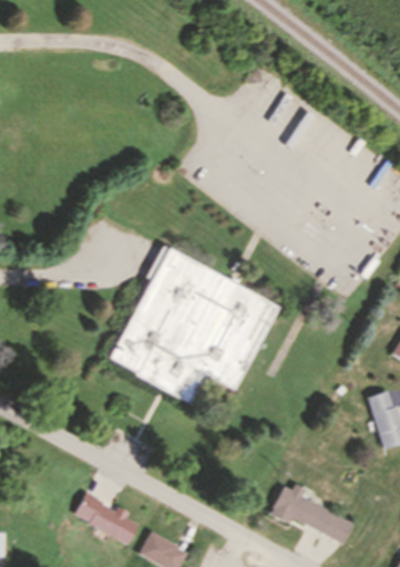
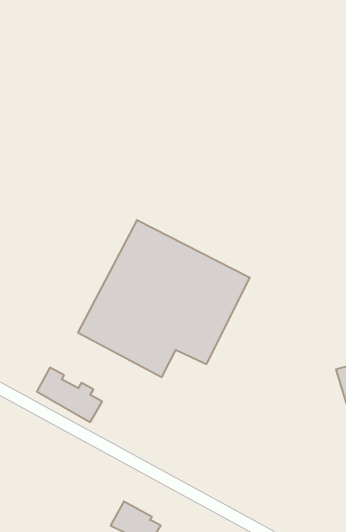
building: [270,485,353,544] -> none
building: [74,491,141,546] -> [37,368,102,422]

